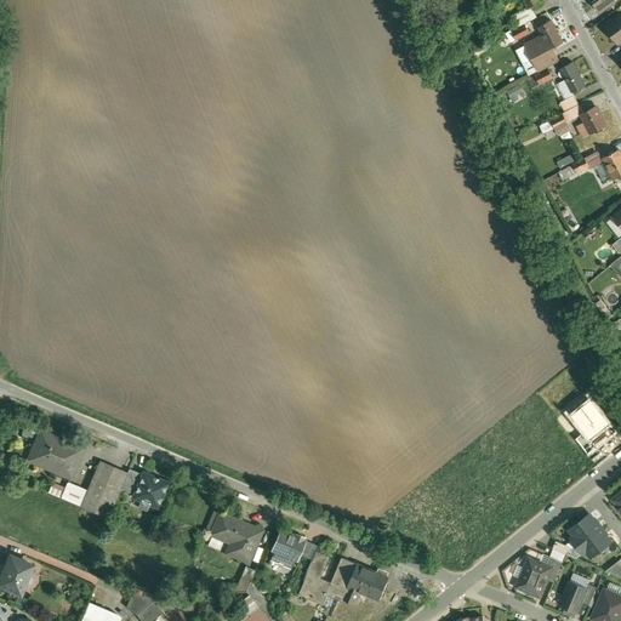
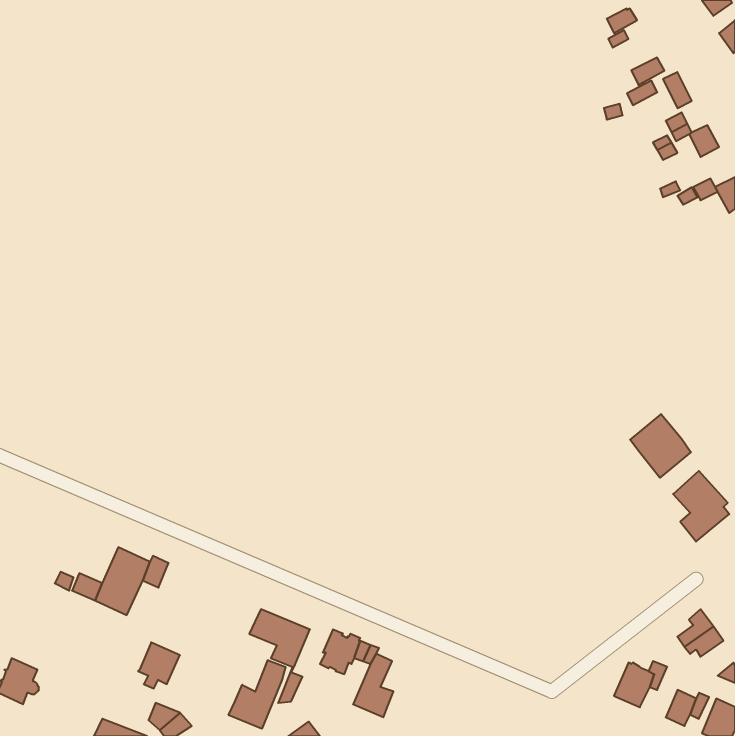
building: [524,19,563,59] -> none
building: none -> [630,414,691,478]
building: [28,432,79,477] -> none
building: [132,472,167,511] -> [138,642,180,688]
building: none -> [229,660,286,729]
building: [326,557,388,604] -> none

